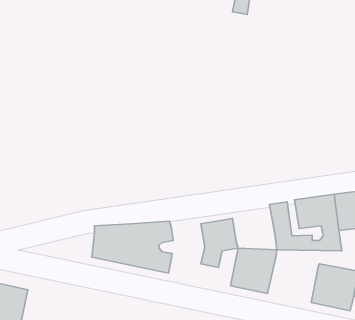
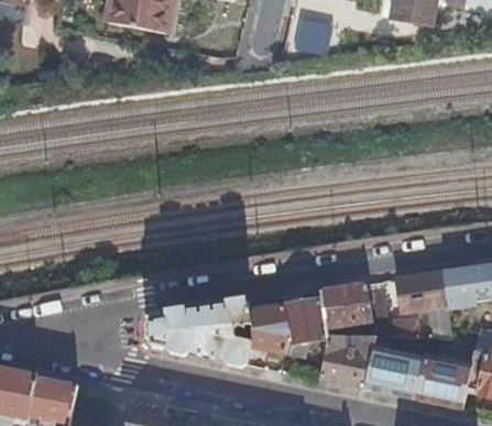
building: none -> [319,281,372,325]
building: none -> [249,304,288,358]
building: none -> [363,343,424,397]

